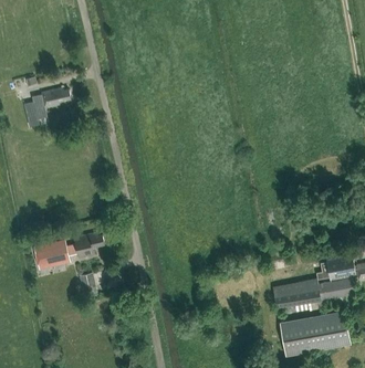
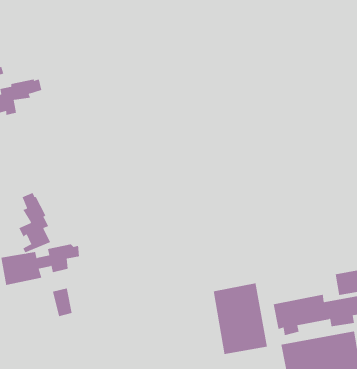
building: none -> [19,192,51,253]
building: none -> [213,283,267,355]

